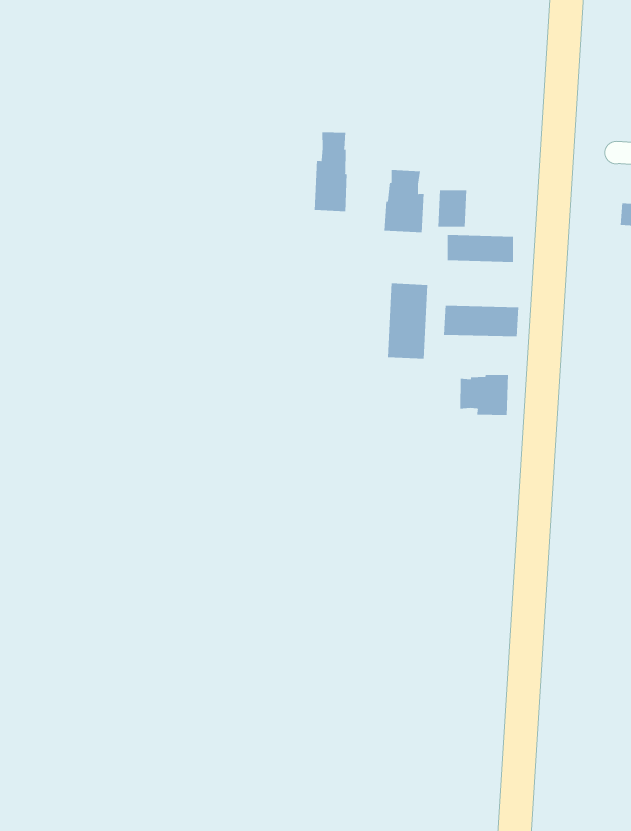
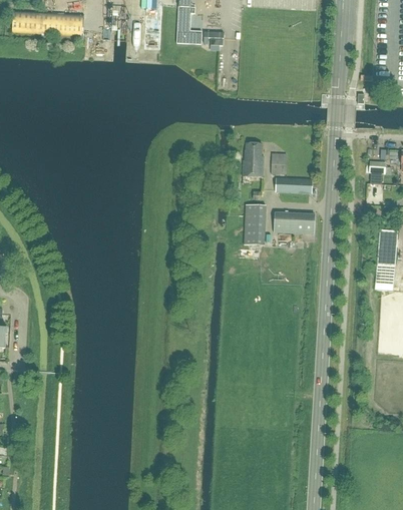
building: [314,132,347,212] -> none
building: [460,374,508,416] -> none

